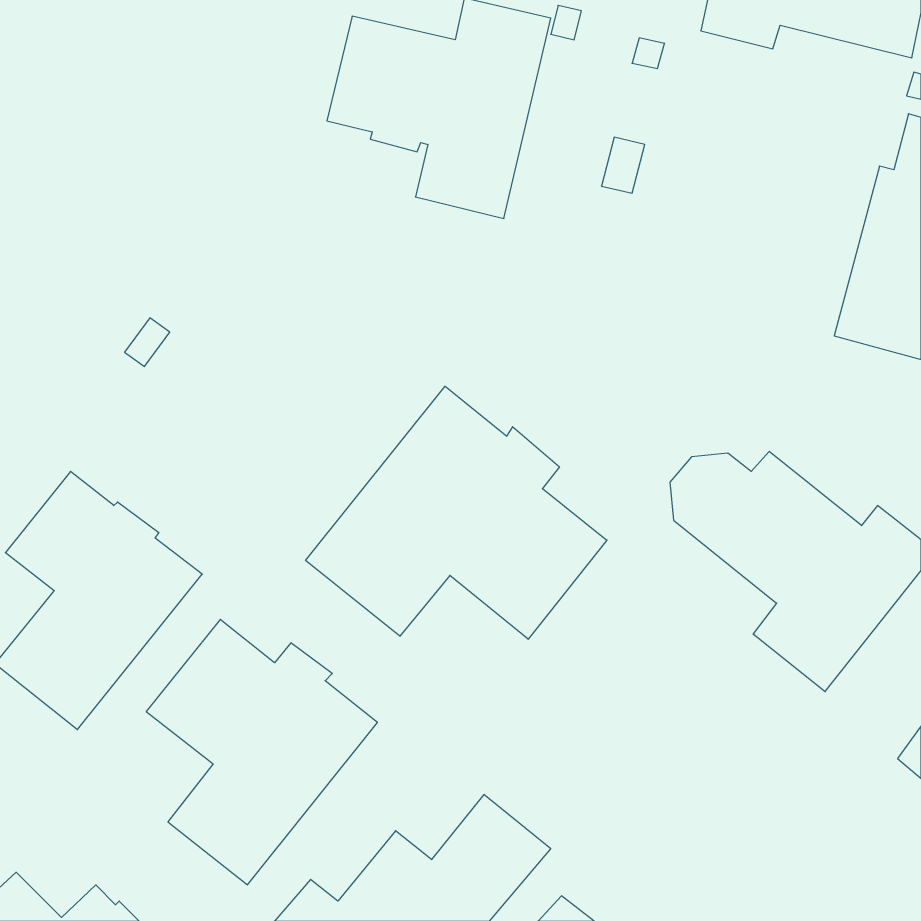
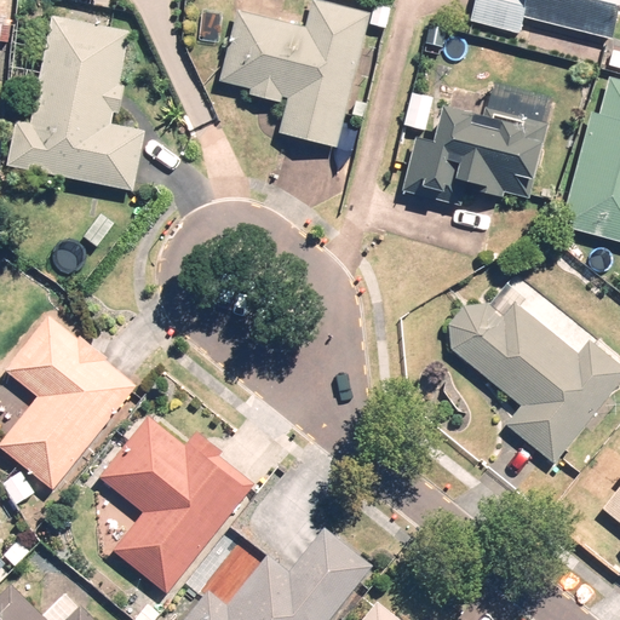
building: none -> [7,15,145,190]
building: none -> [402,82,553,205]
building: [306,386,607,639] -> none

